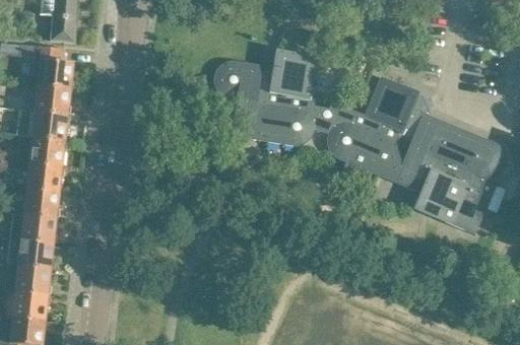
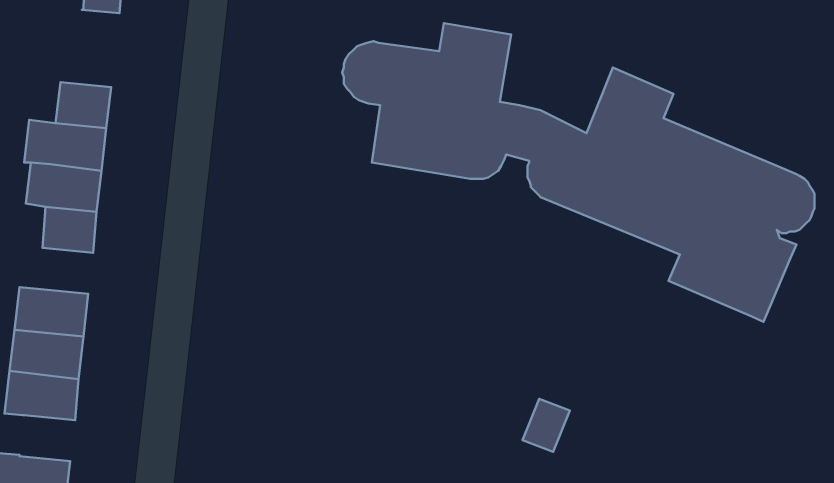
building: [18,43,72,87] -> none
building: [24,187,59,215] -> none
building: none -> [522,399,570,452]
building: [13,290,48,319] -> none

